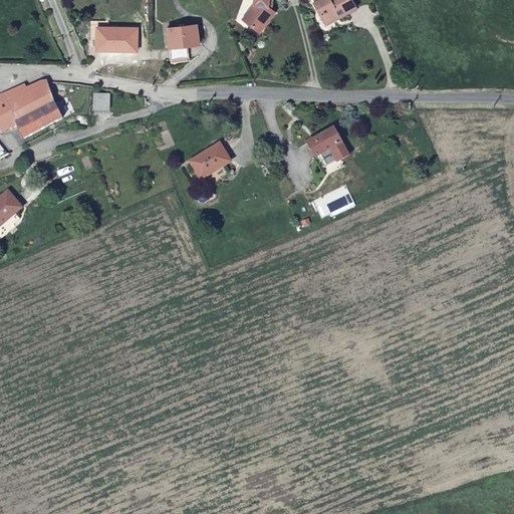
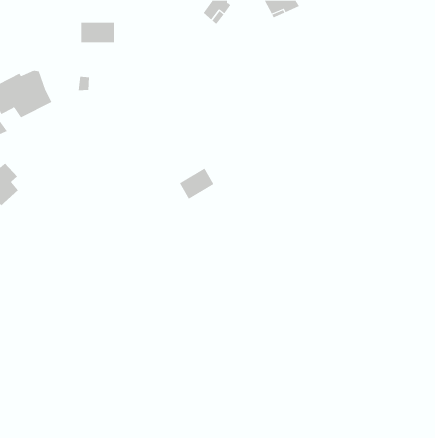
building: [165,22,197,47] -> none
building: [306,128,348,161] -> none
building: [190,142,231,179] -> [179,168,214,199]

